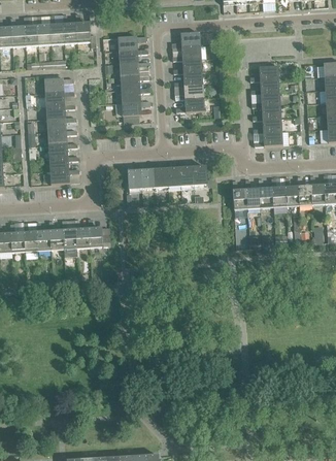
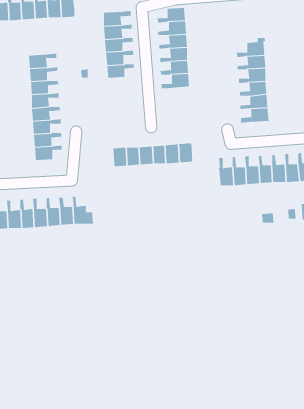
building: [123,100,150,123] -> none

